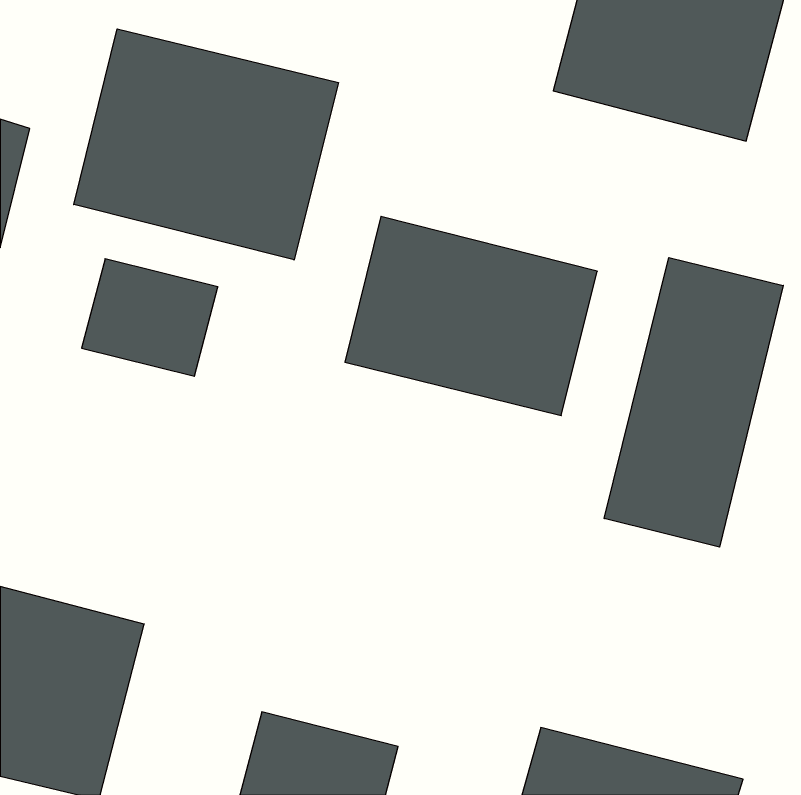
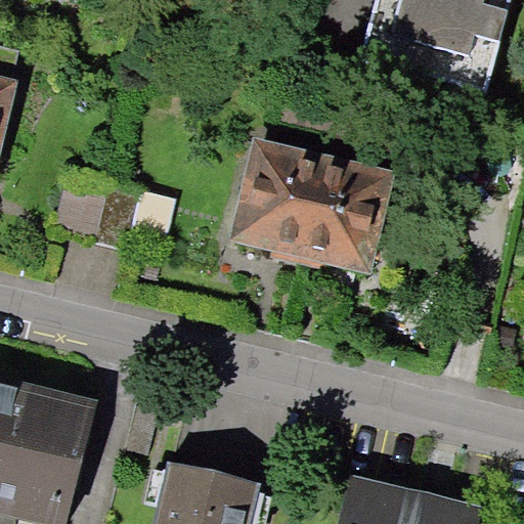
building: [74,29,338,260] -> none
building: [604,258,783,547] -> none

